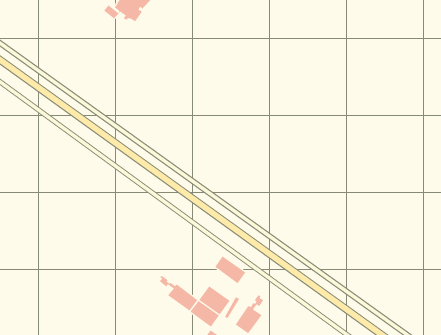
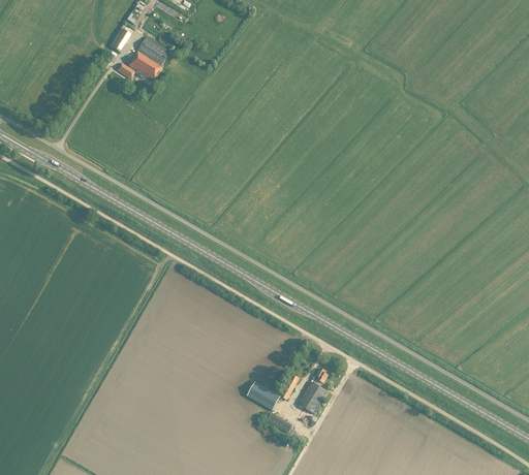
building: [214,255,246,284] -> none
building: [159,275,198,311] -> none

